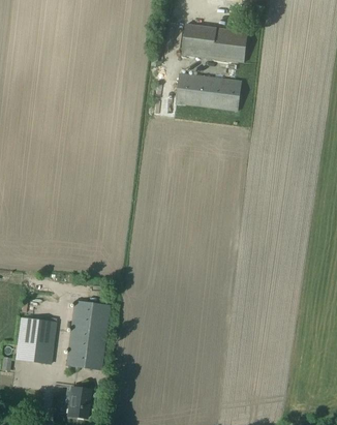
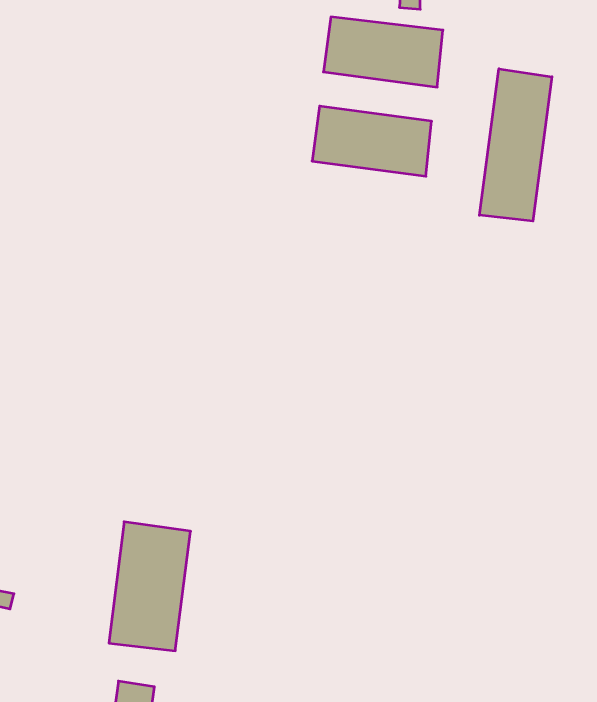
building: none -> [479,69,552,221]
building: [16,316,55,362] -> none

